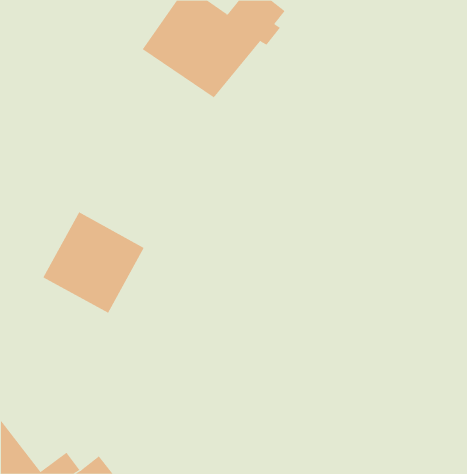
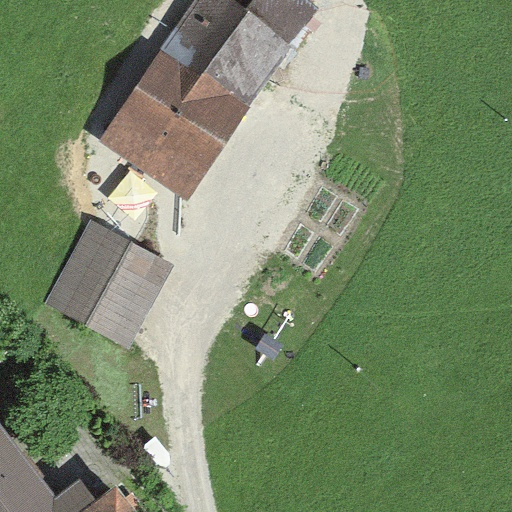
building: none -> [103,53,241,191]

